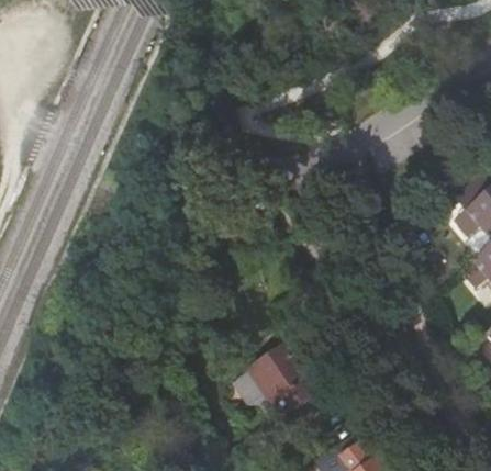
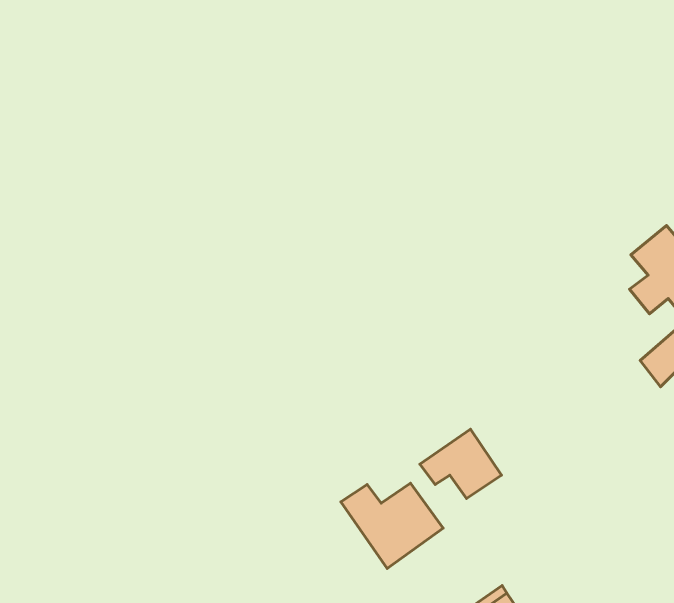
building: none -> [420,429,502,499]

